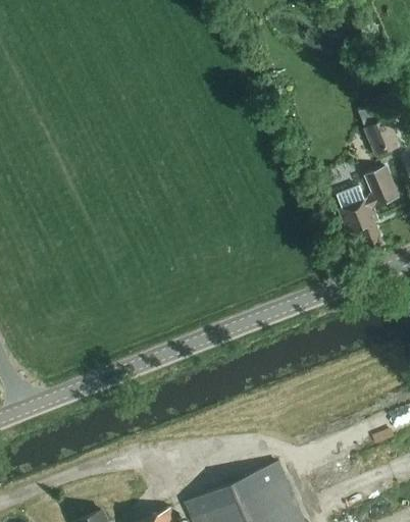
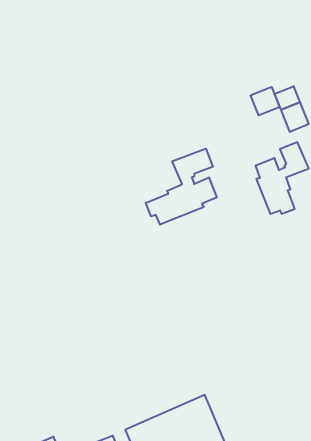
building: none -> [251,87,280,115]
building: none -> [146,149,217,225]

